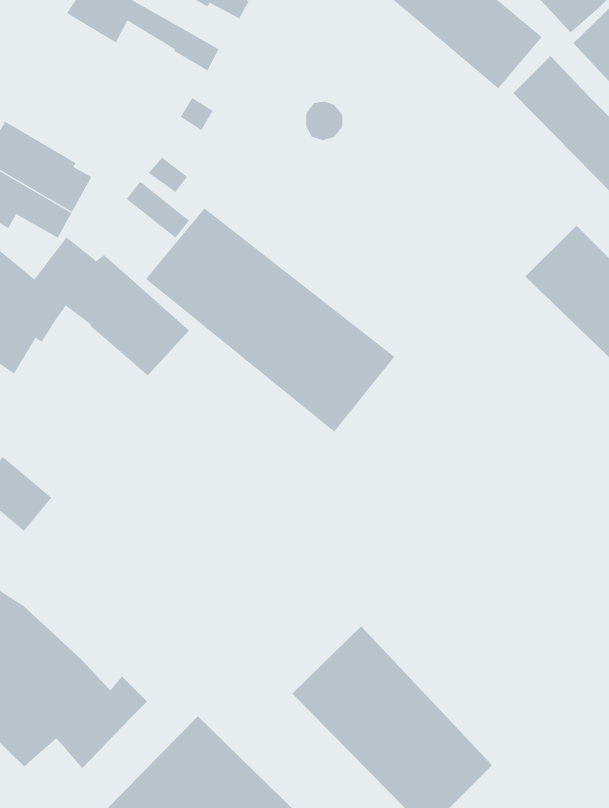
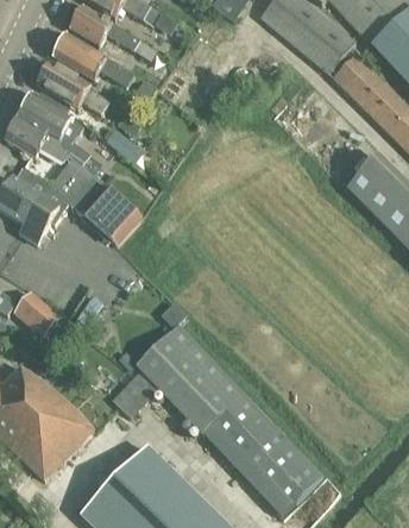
building: none -> [52,31,133,83]
building: none -> [36,59,108,113]
building: [145,208,395,432] -> none
building: none -> [112,322,244,432]

